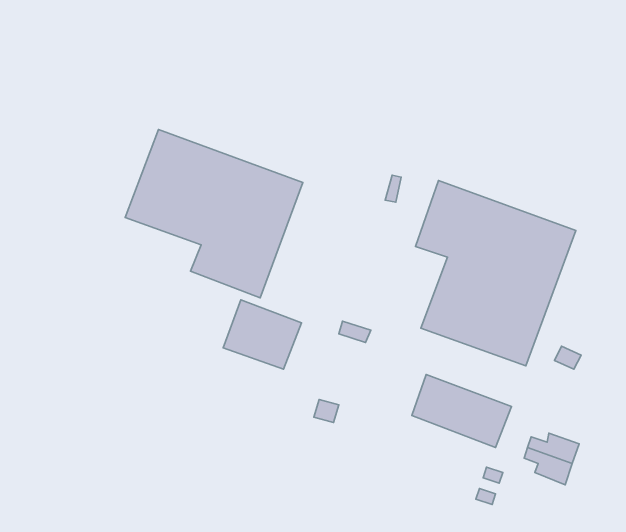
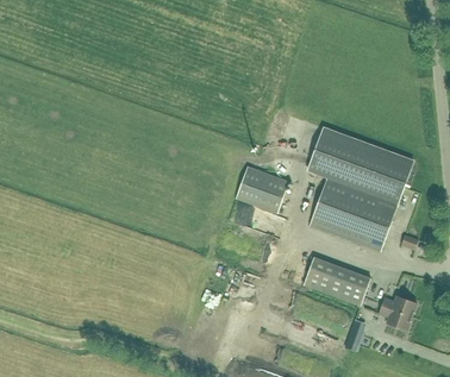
building: [125,130,303,298] -> none
building: [223,300,301,369] -> [236,165,288,212]

